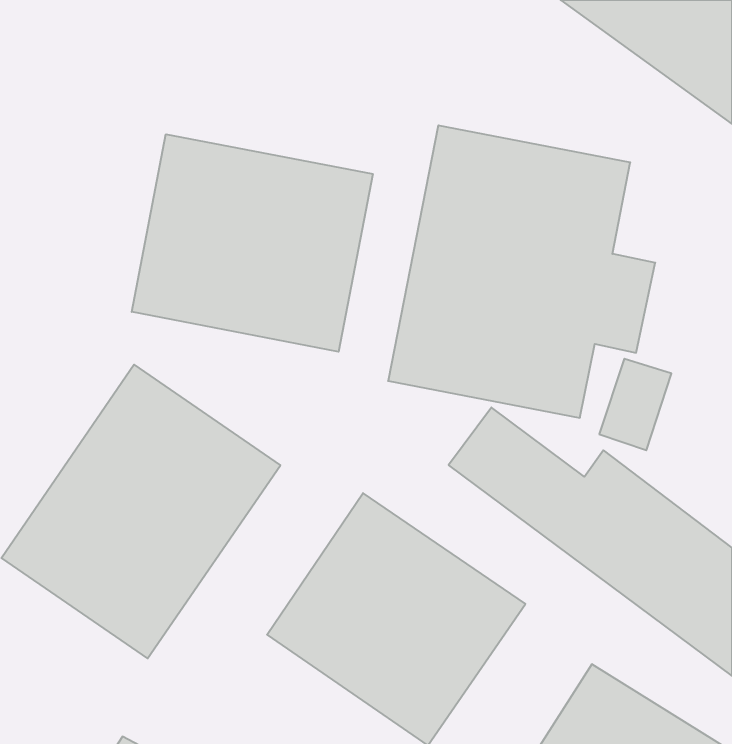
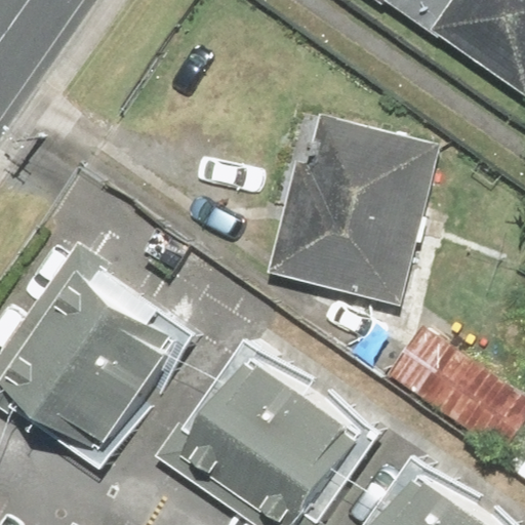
building: [132,134,373,352] -> none

